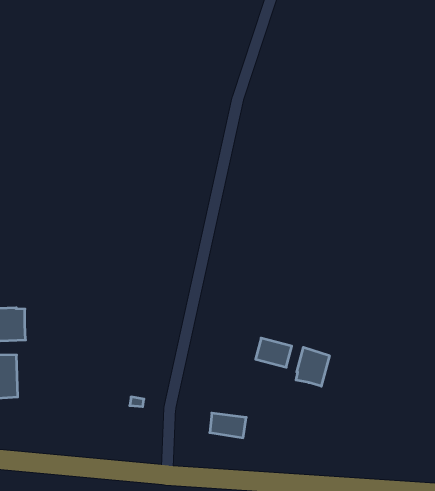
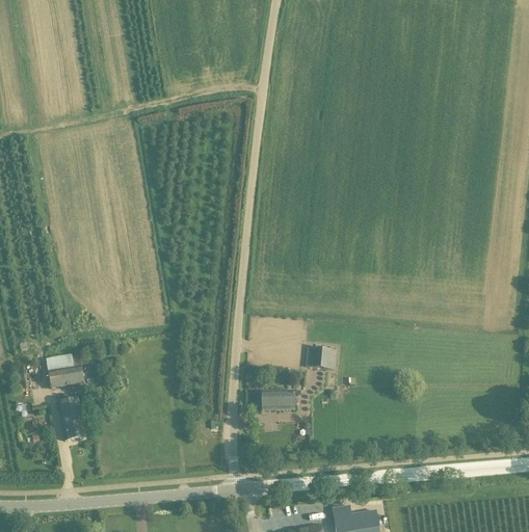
building: [296,347,329,386] -> none
building: [210,413,246,438] -> [261,389,294,408]

